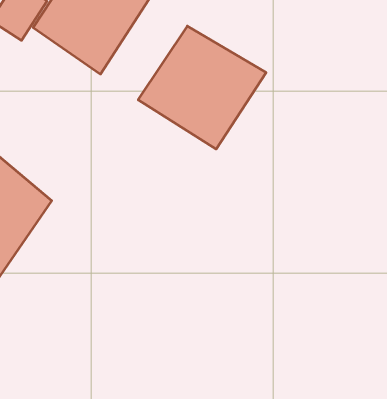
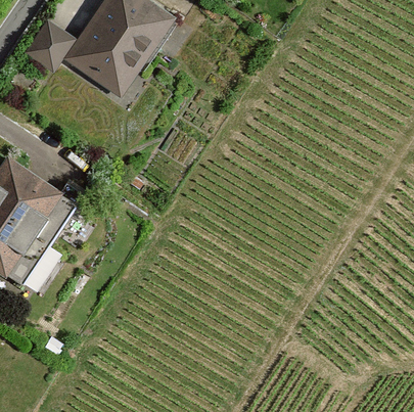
building: [138,26,266,149] -> none

